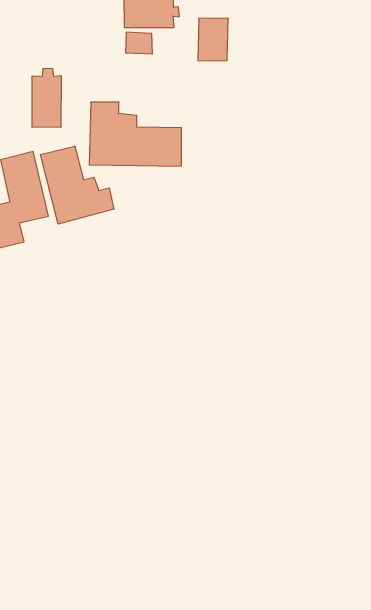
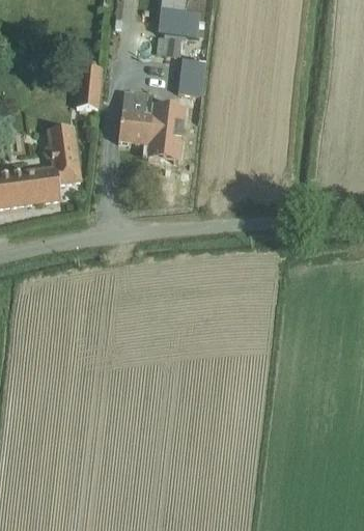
building: [198,18,228,61] -> [178,58,206,94]
building: [41,146,114,224] -> none

